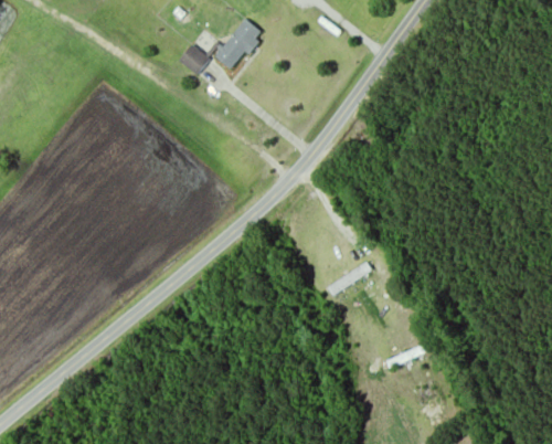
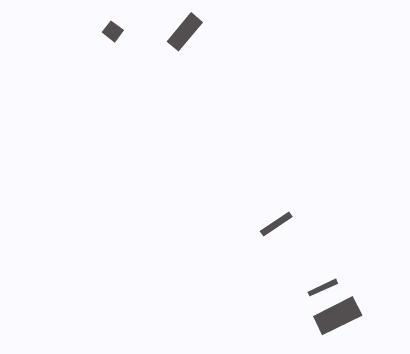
building: [179,44,209,74] -> [101,19,125,44]
building: none -> [312,295,363,336]

